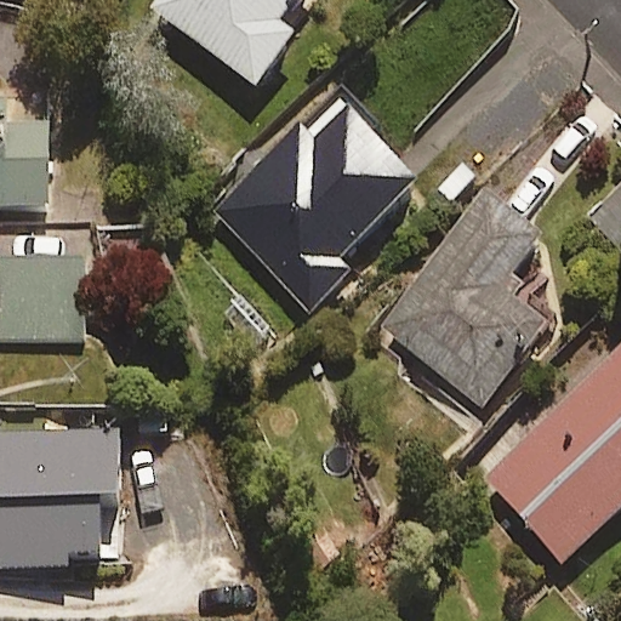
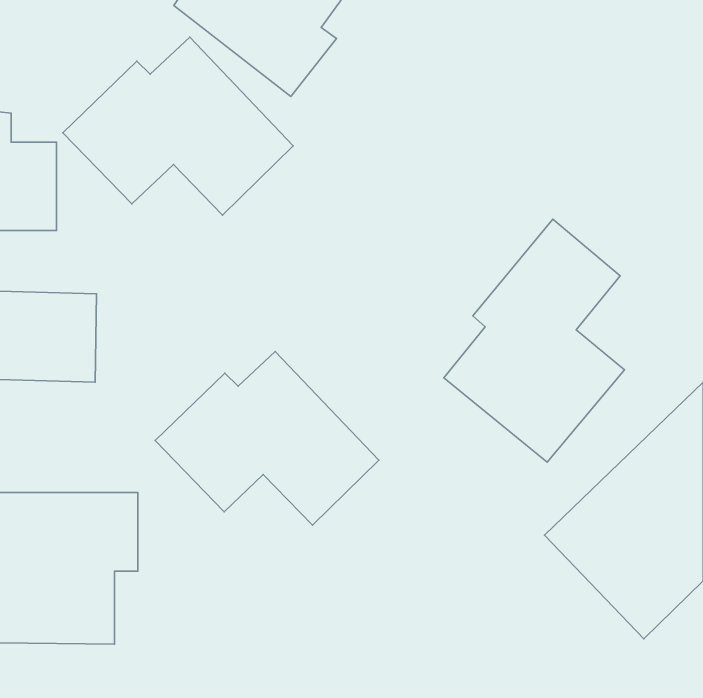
building: none -> [63,37,293,215]
building: [207,107,411,306] -> none
building: none -> [155,351,379,525]

